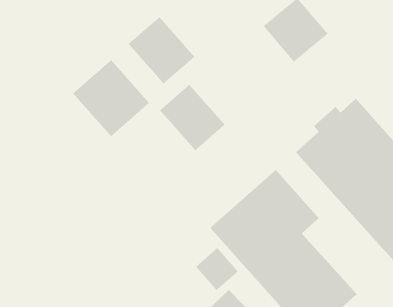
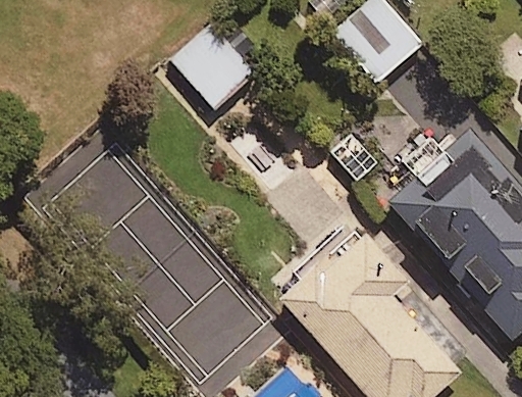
building: [72,59,150,137] -> none
building: [159,84,226,151] -> none

